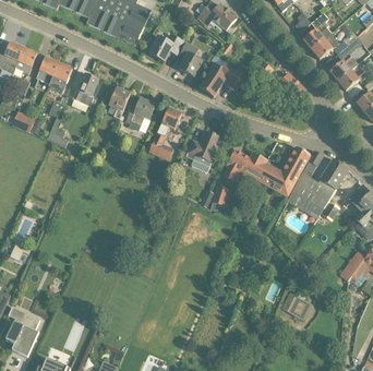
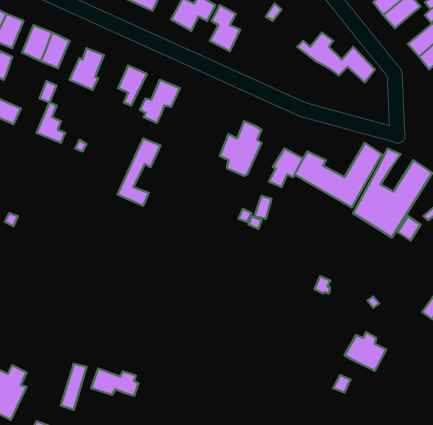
building: [198,60,241,96] -> none
building: [148,107,181,158] -> [117,138,160,206]
building: none -> [91,369,139,396]

